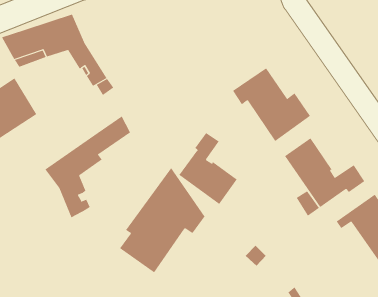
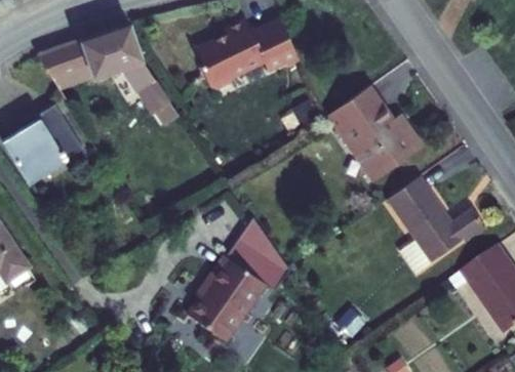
building: none -> [191,22,294,90]
building: [45,115,131,218] -> none
building: [178,132,238,205] -> none

